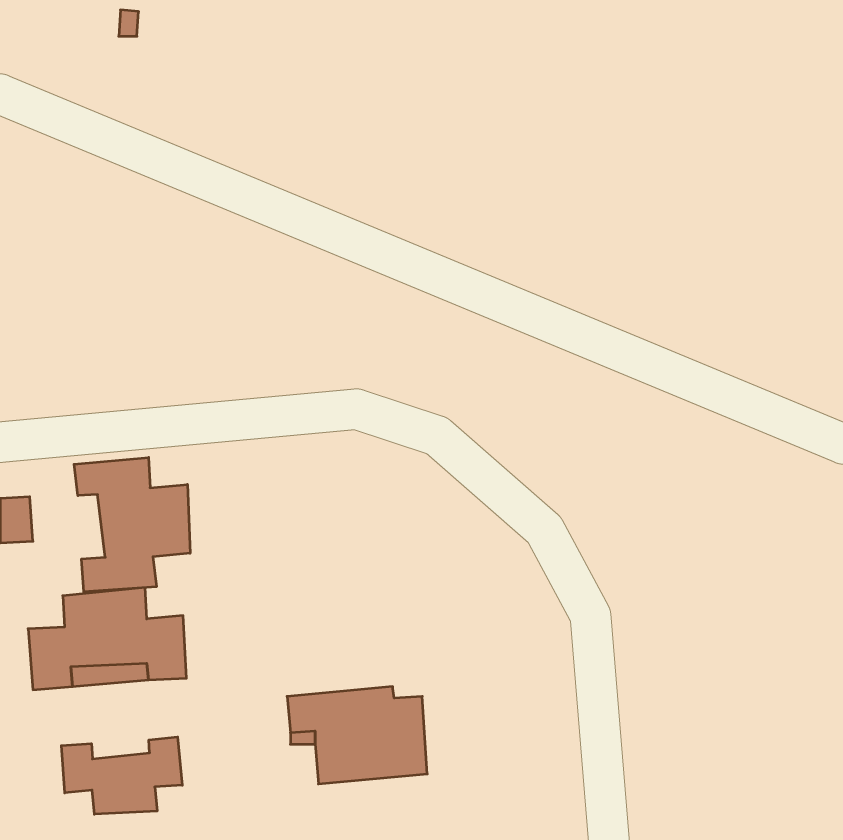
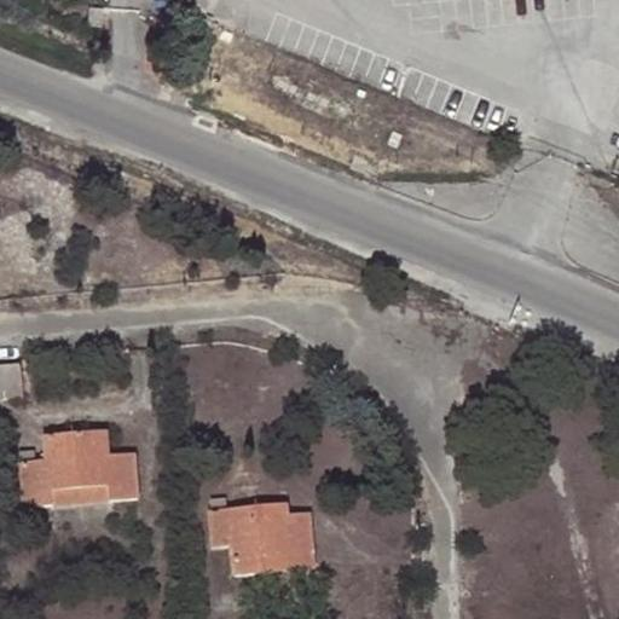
building: [74,457,190,592] -> none
building: [61,737,182,814] -> none

